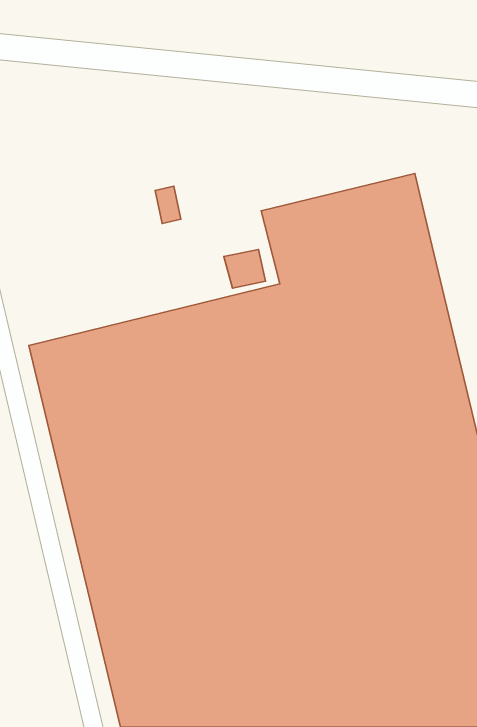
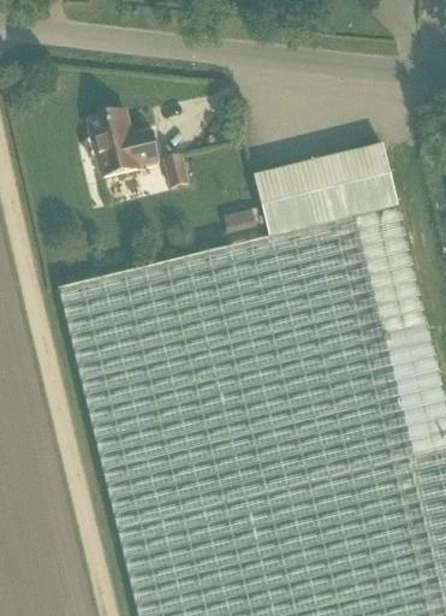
building: none -> [87,111,160,176]

